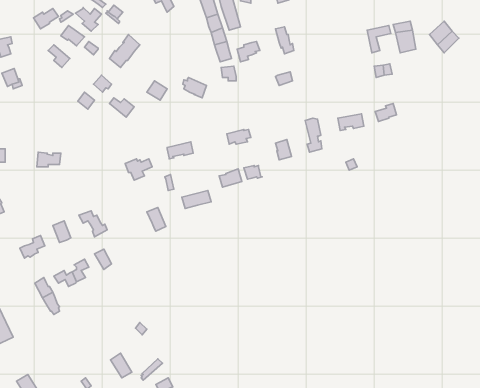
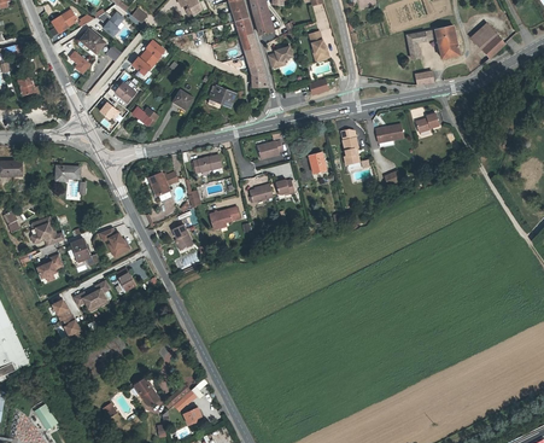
building: none -> [30,217,65,246]

